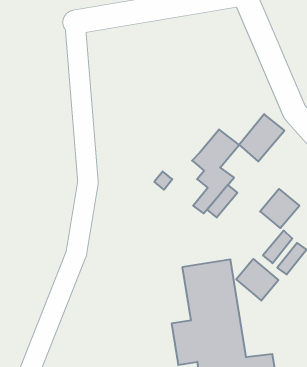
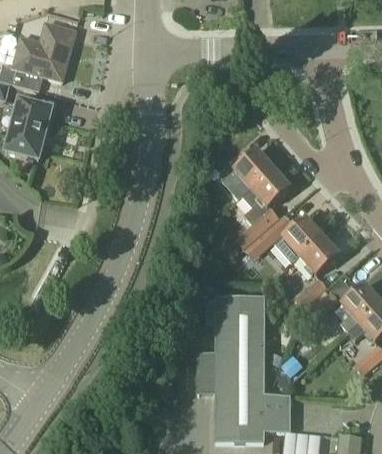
building: none -> [234,150,273,188]
building: [239,114,284,161] -> [276,217,322,262]
building: [236,259,278,301] -> none

